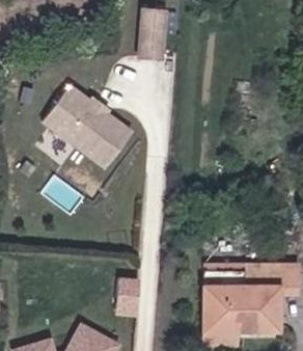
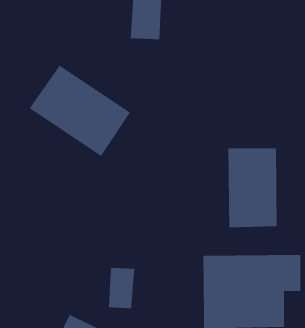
building: none -> [228,148,277,228]

